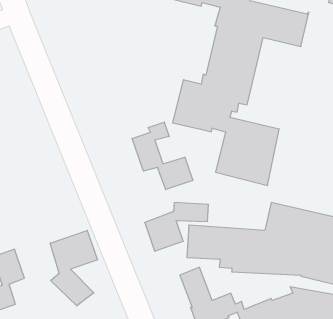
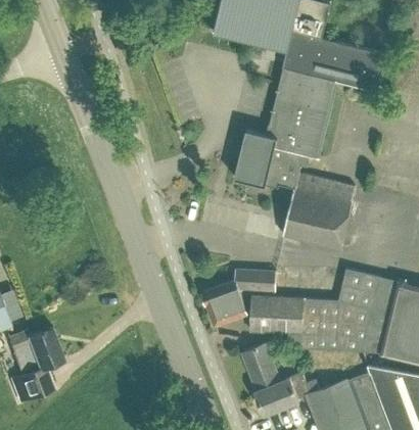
building: [132,122,193,190] -> none
building: [50,230,97,306] -> none

